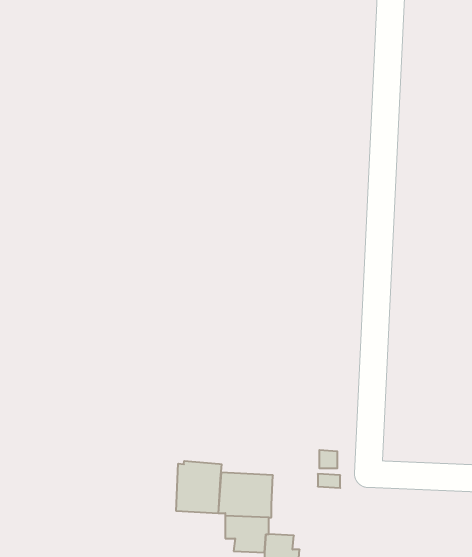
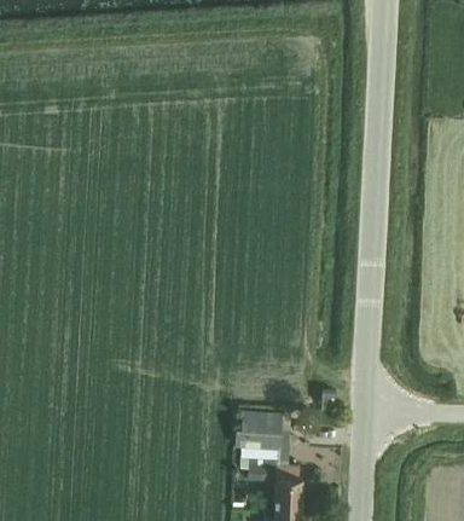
building: [176,461,222,513] -> none

